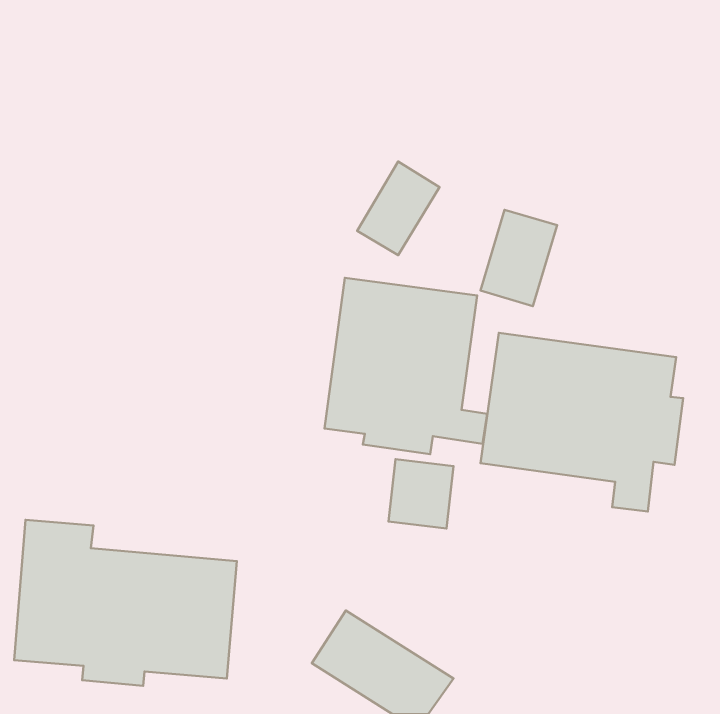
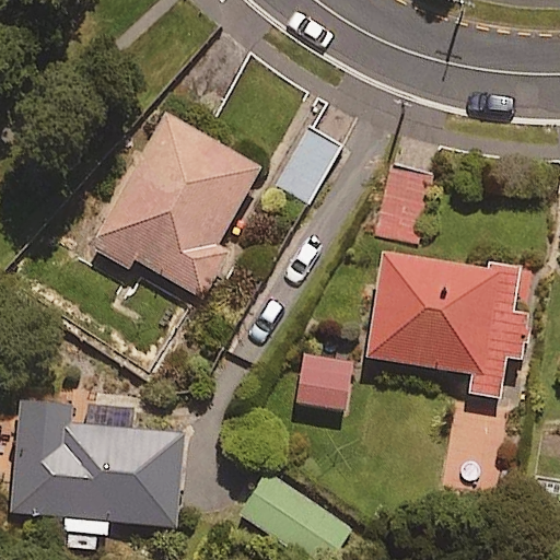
building: none -> [92,117,259,298]
building: [324,278,487,454] -> none

